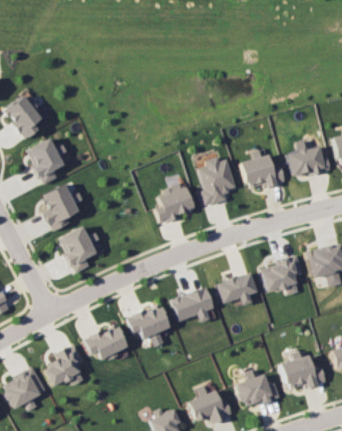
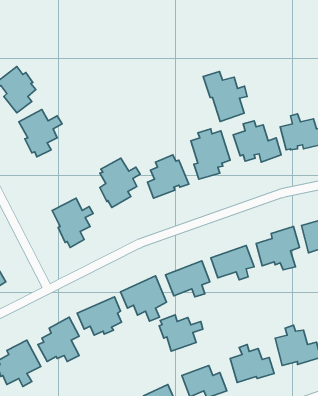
building: none -> [203,71,247,121]
building: [42,184,82,233] -> [100,158,140,208]
building: none -> [159,315,203,351]

